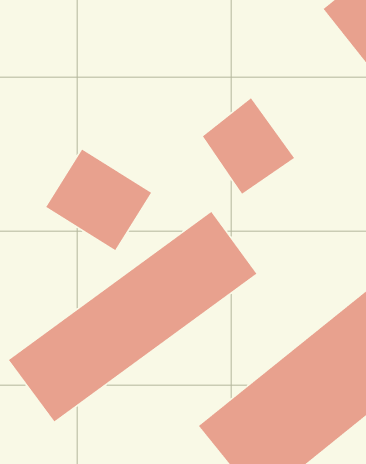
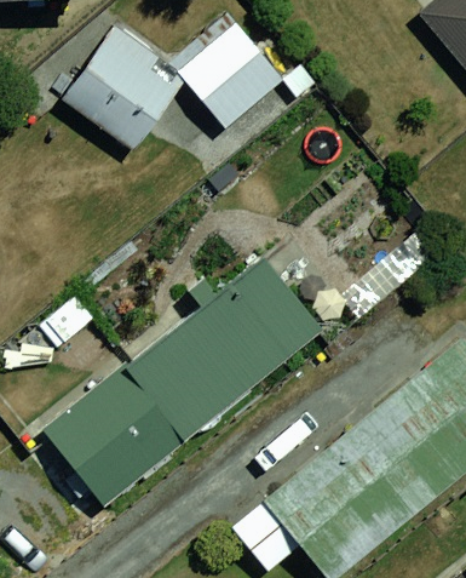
building: [202,97,295,195] -> [182,15,289,127]
building: [45,149,152,251] -> [75,44,199,162]

